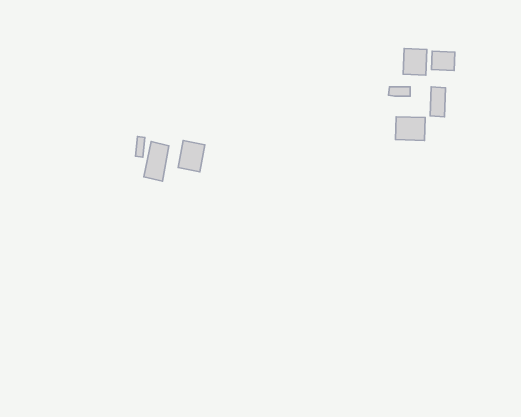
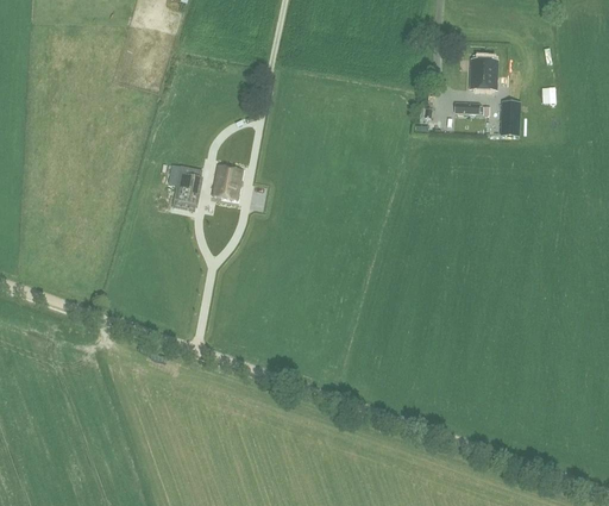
building: [431,51,455,70] -> none
building: [395,117,425,140] -> none

